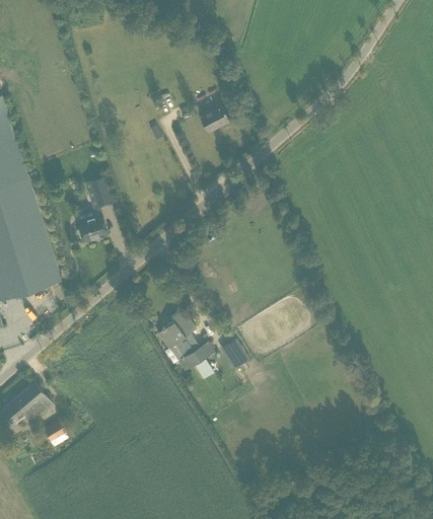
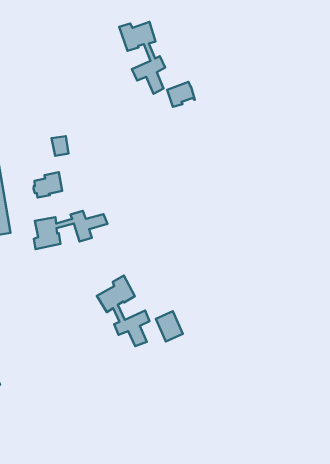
building: none -> [119,22,165,94]
building: none -> [34,211,107,249]

